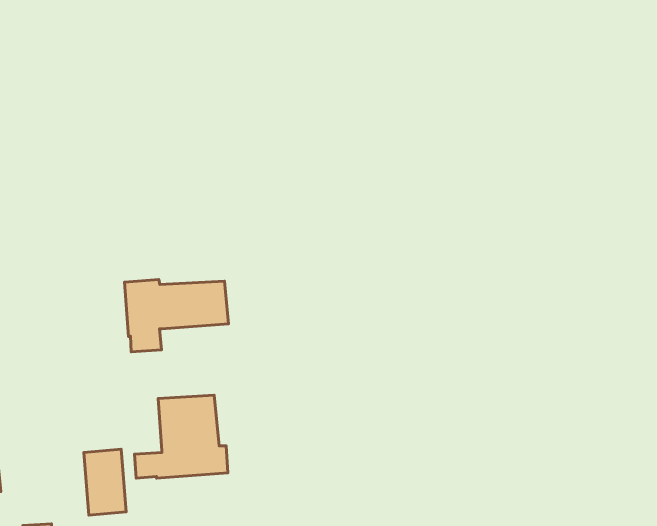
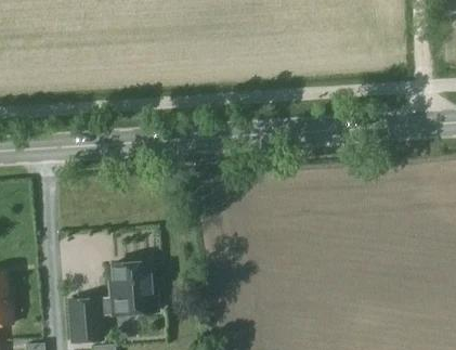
building: [124,279,228,352] -> none

